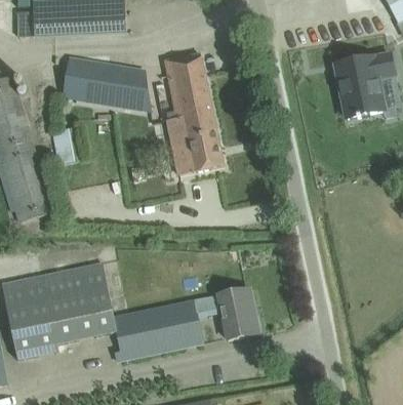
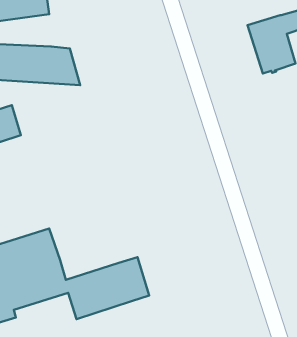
building: [165,53,223,175] -> none
building: [217,290,258,339] -> none

